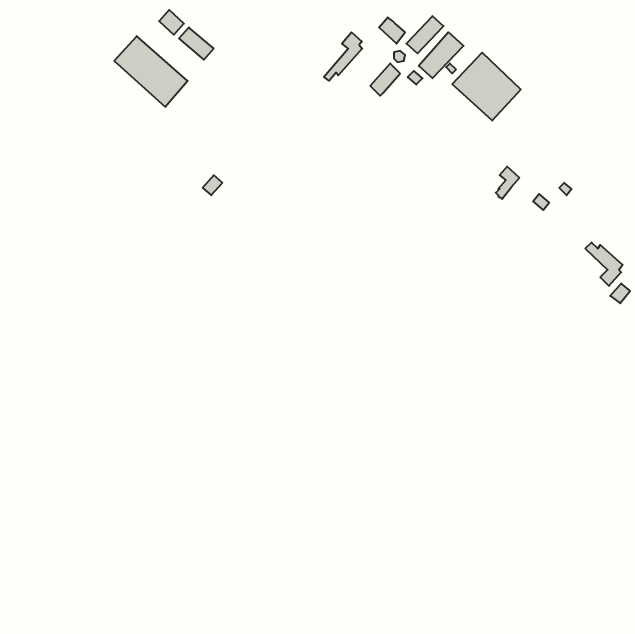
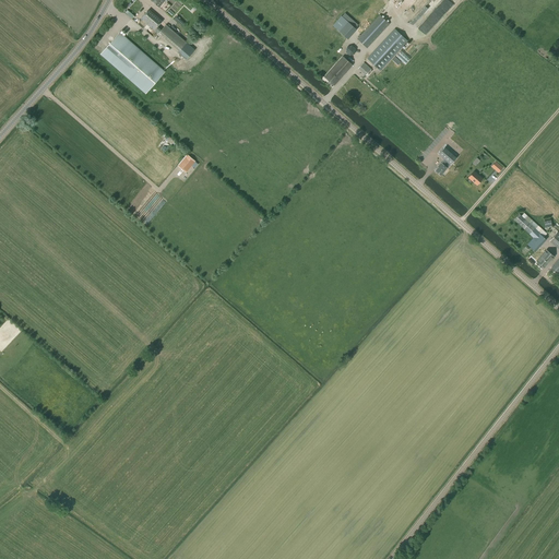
building: [324,32,362,81] -> none
building: [452,53,521,121] -> none

